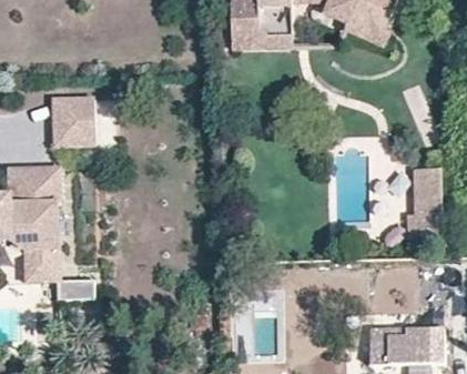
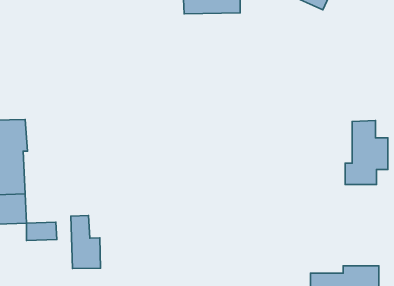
building: [51,97,94,146] -> none
building: none -> [71,215,100,269]

